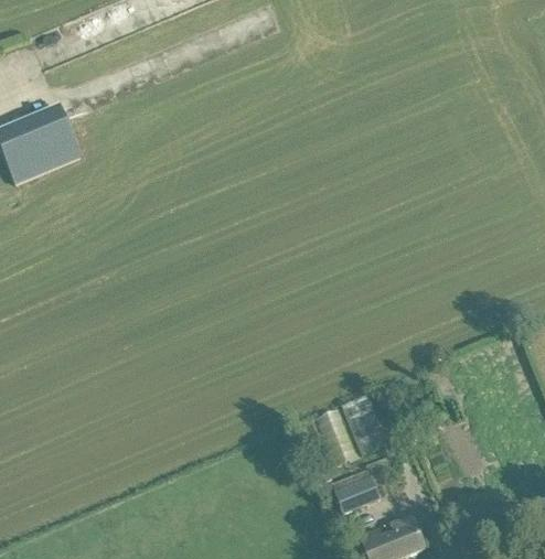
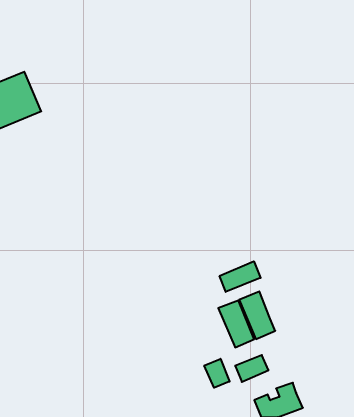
building: none -> [220,261,261,292]
building: none -> [204,359,230,388]

